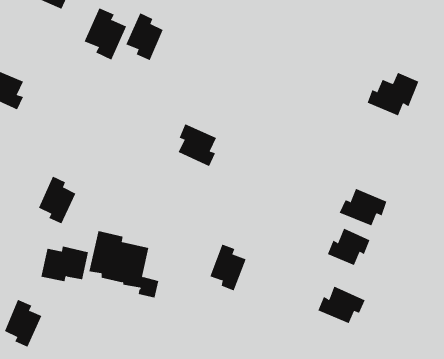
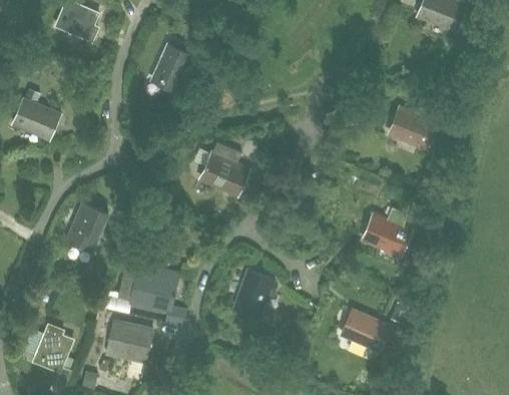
building: [84,8,127,60] -> none
building: [327,228,370,266] -> none
building: [41,246,89,282] -> [105,324,152,359]

